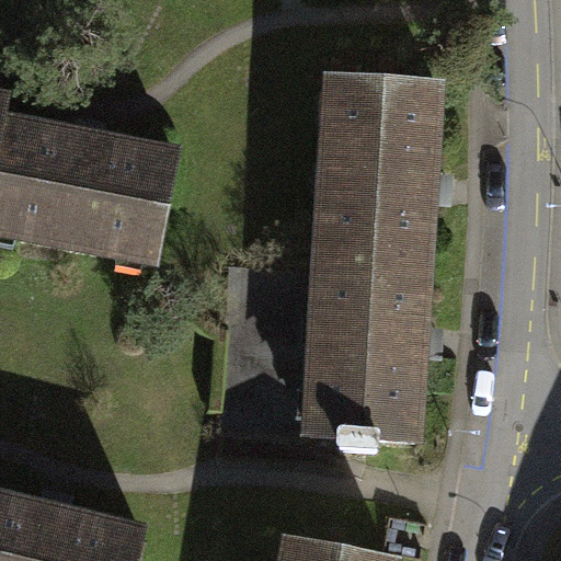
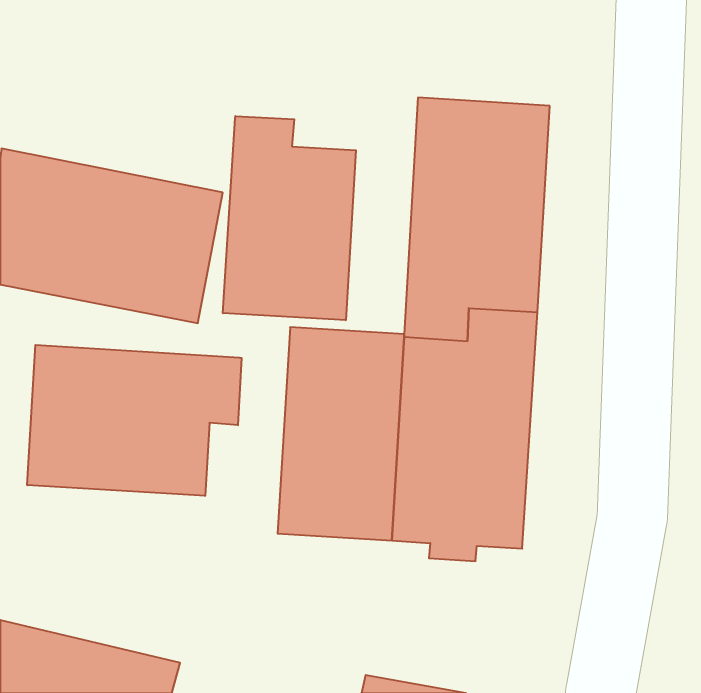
building: none -> [223,116,356,320]
building: none -> [27,345,242,496]

